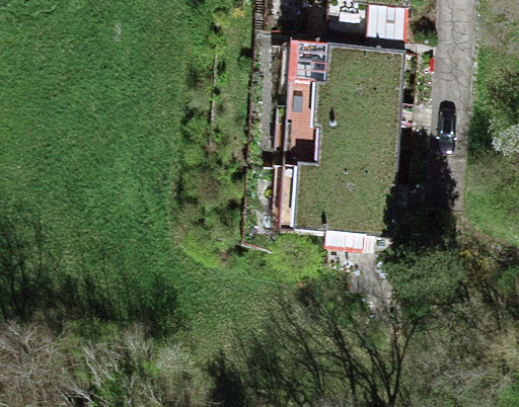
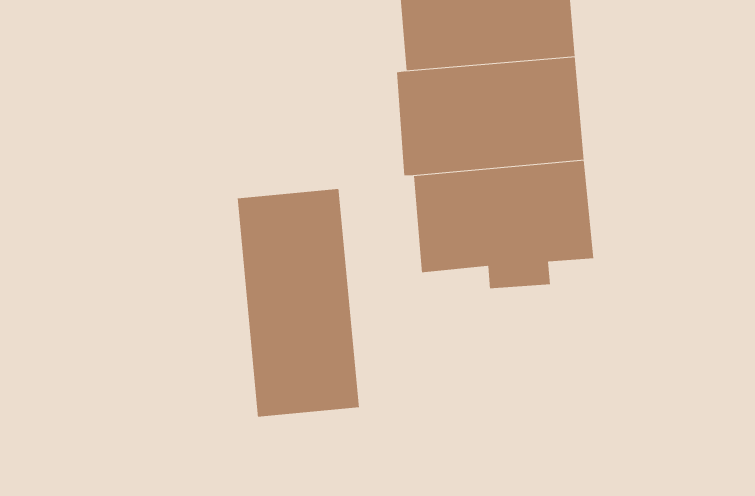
building: none -> [237,188,359,417]

